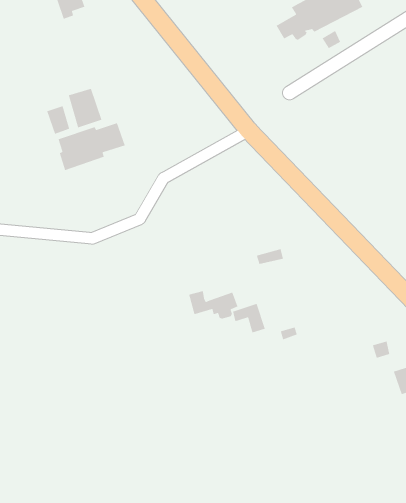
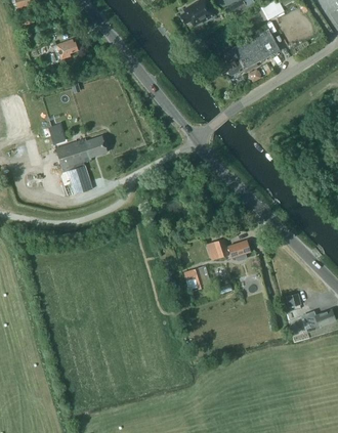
building: [68,88,103,128] -> [65,165,90,194]
building: [188,290,238,320] -> [213,239,250,260]

